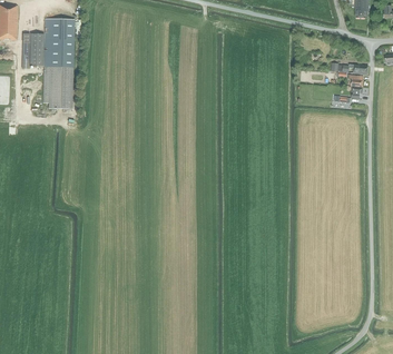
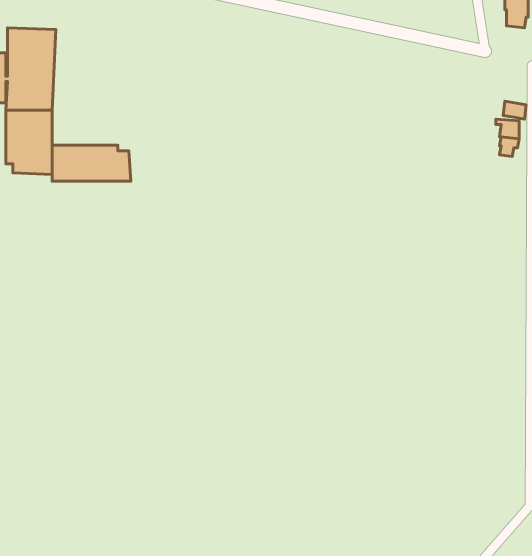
building: none -> [52,145,131,181]

